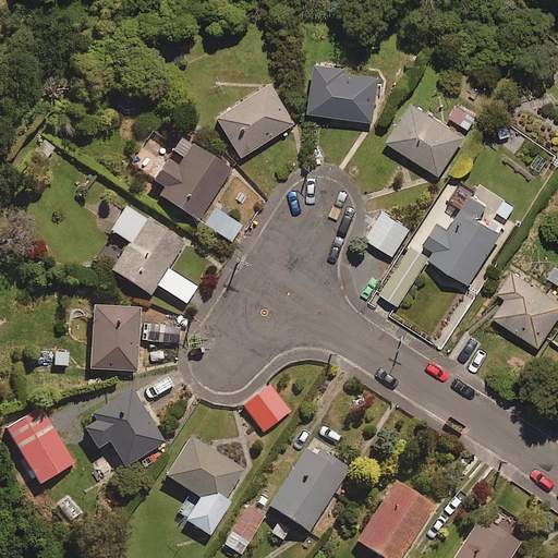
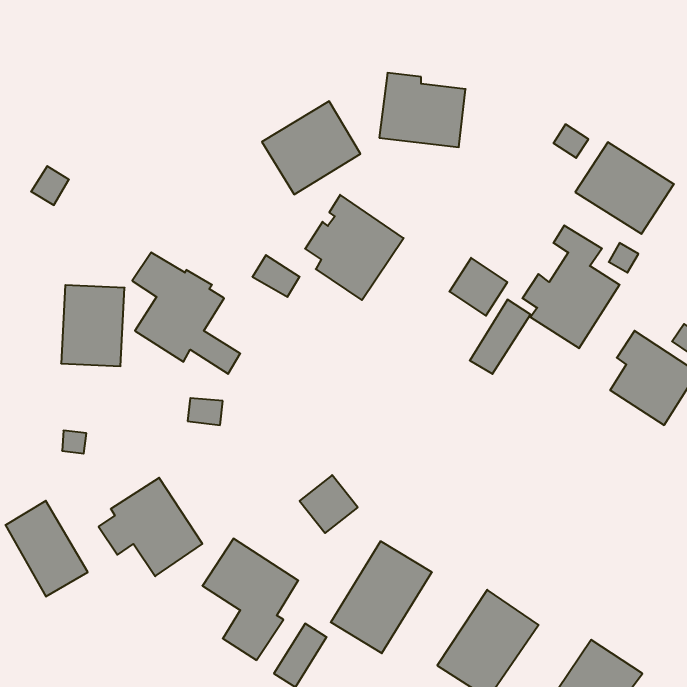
building: [386,100,465,174] -> [575,142,674,234]
building: [151,135,231,220] -> [305,195,404,300]
building: [89,305,141,371] -> [61,285,125,366]

